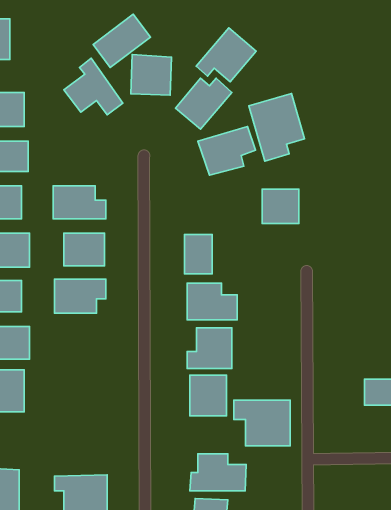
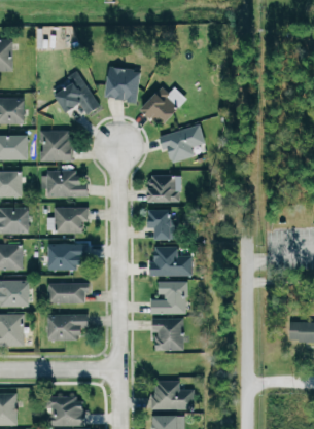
building: [93,14,151,67] -> none
building: [196,28,256,82] -> none
building: [249,93,304,161] -> none
building: none -> [40,130,72,162]
building: [262,189,299,223] -> [148,176,177,203]
building: none -> [47,284,89,303]
building: none -> [47,315,89,341]
building: [234,400,290,446] -> none

